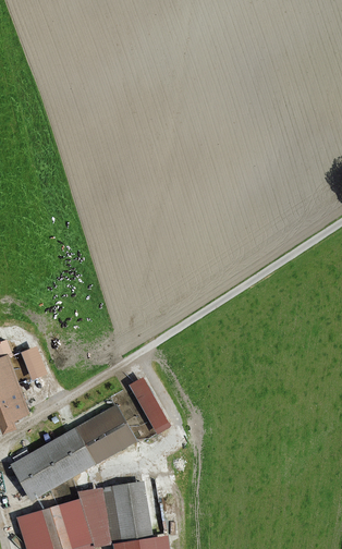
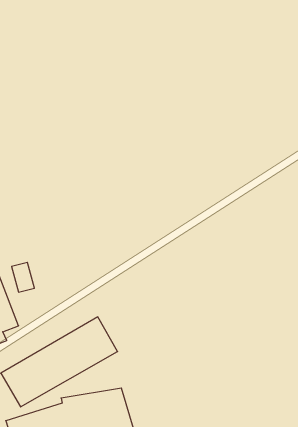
building: [132,373,170,431] -> none

